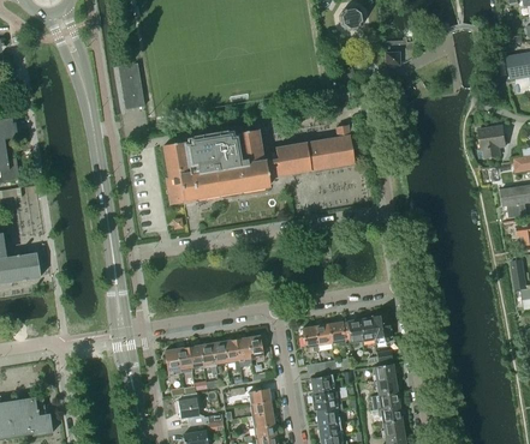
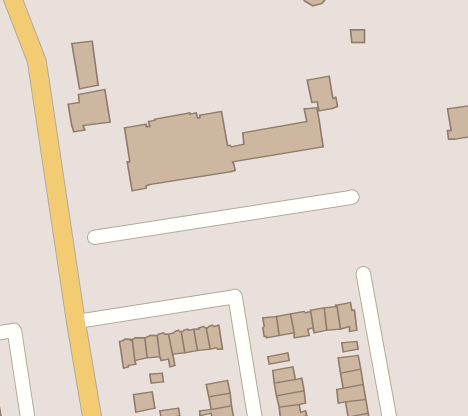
building: none -> [307,76,338,111]
building: none -> [68,89,110,132]

